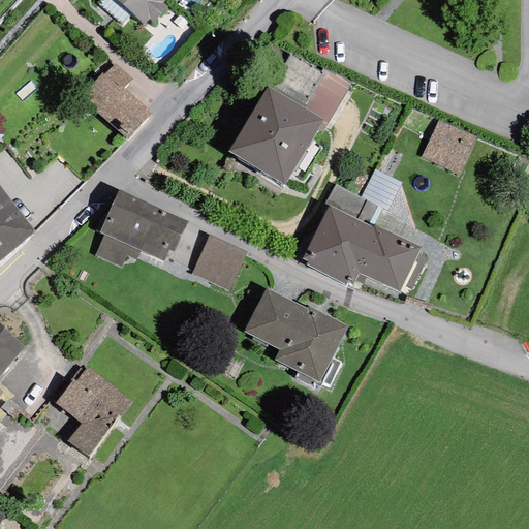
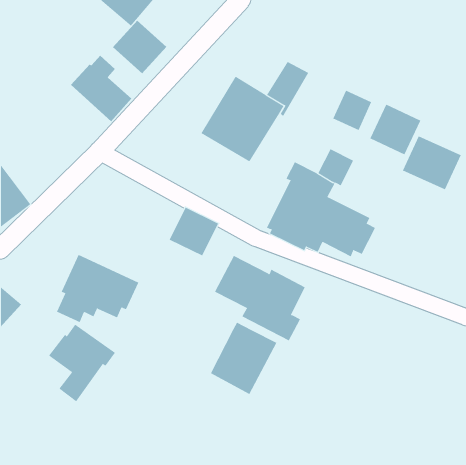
building: none -> [112,20,167,74]
building: none -> [333,90,372,131]
building: none -> [402,136,461,190]
building: [94,189,188,267] -> [56,254,139,323]
building: none -> [210,322,277,395]

